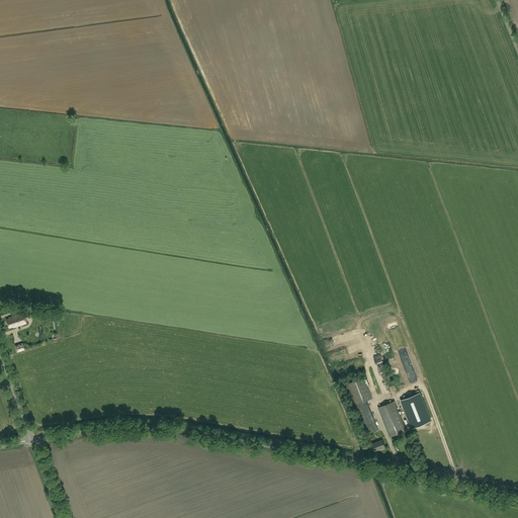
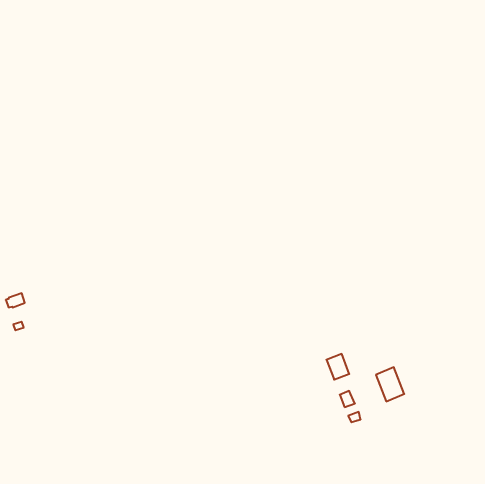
building: [378,402,406,438] -> none

